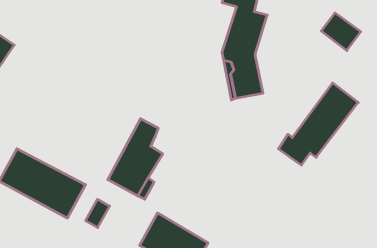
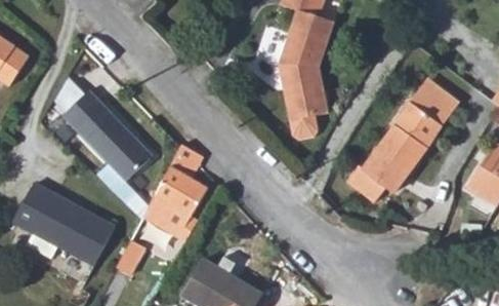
building: [321,13,361,51] -> [411,81,458,126]
building: none -> [63,90,154,183]

